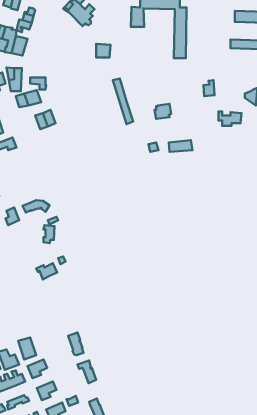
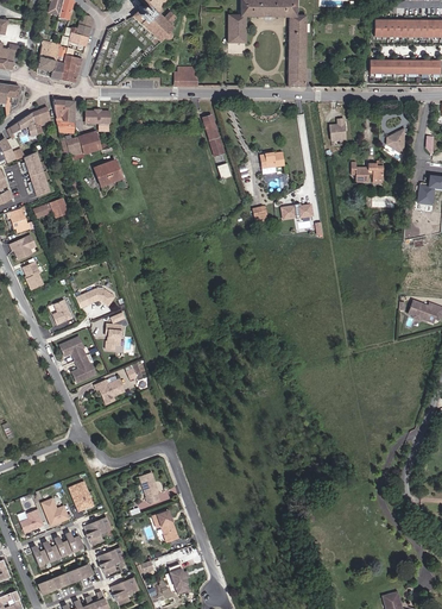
building: none -> [58,334,95,381]

